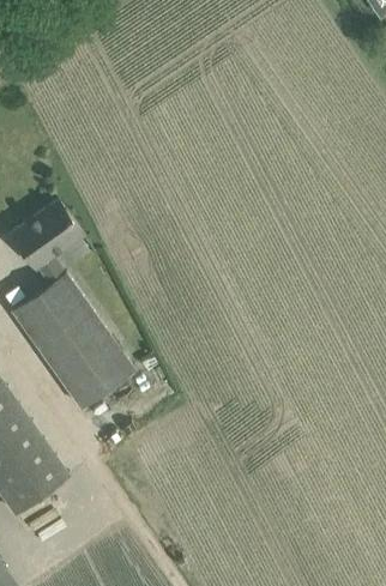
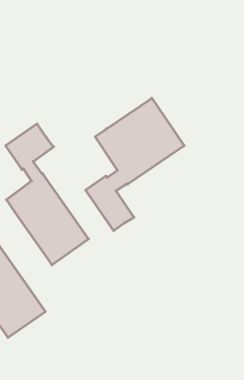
building: none -> [86,98,184,231]

